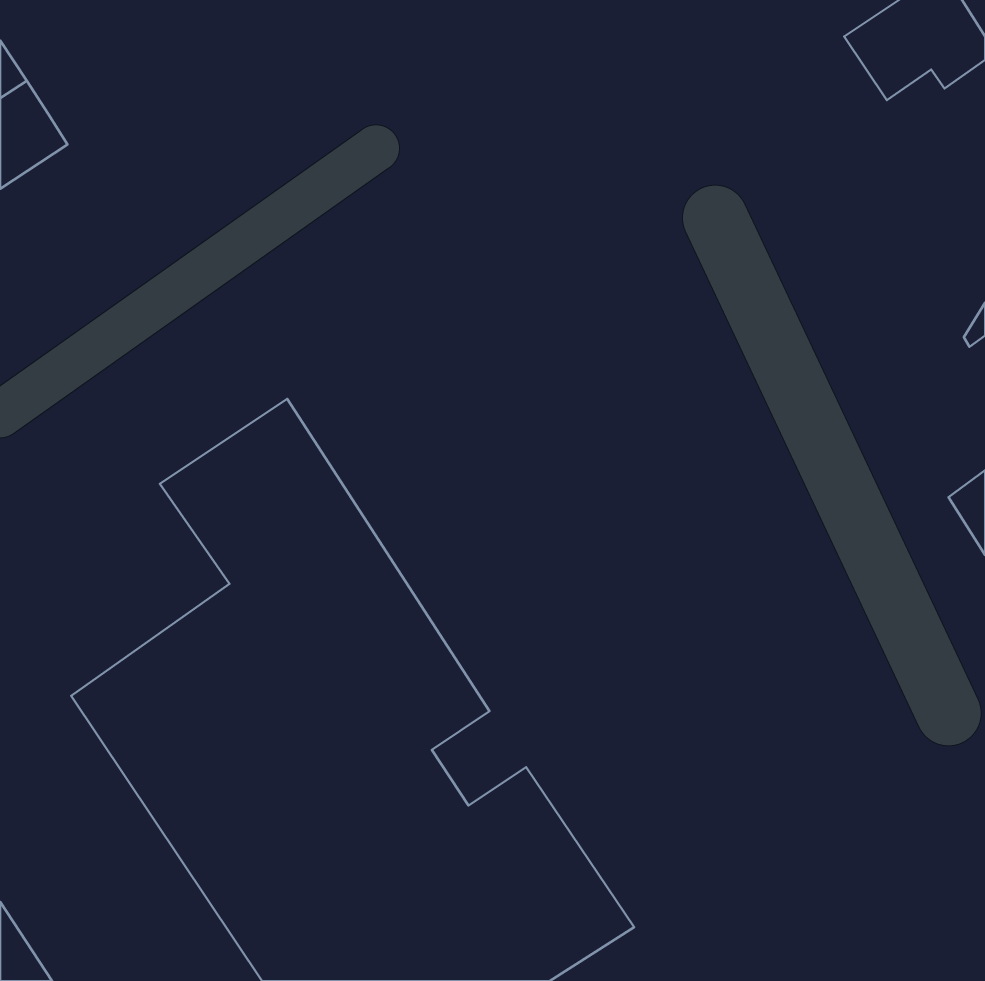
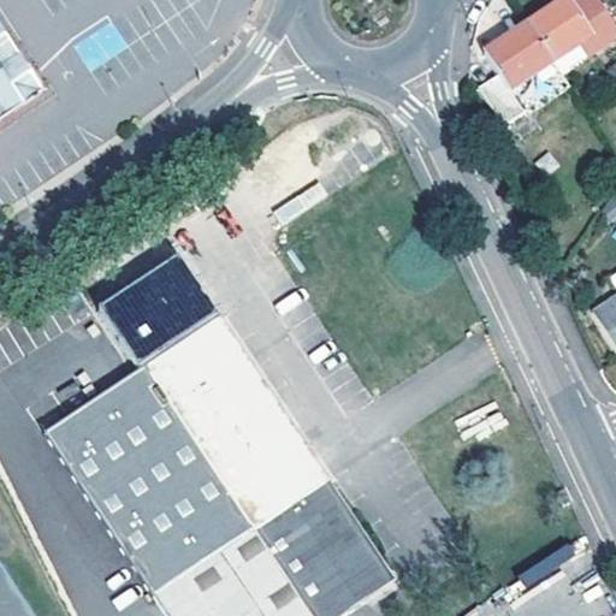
building: none -> [480,23,553,123]
building: none -> [270,444,328,503]

